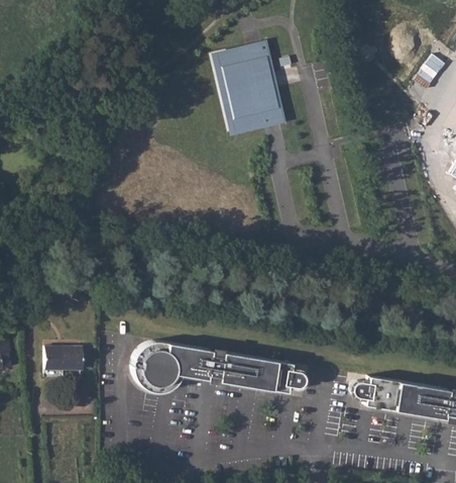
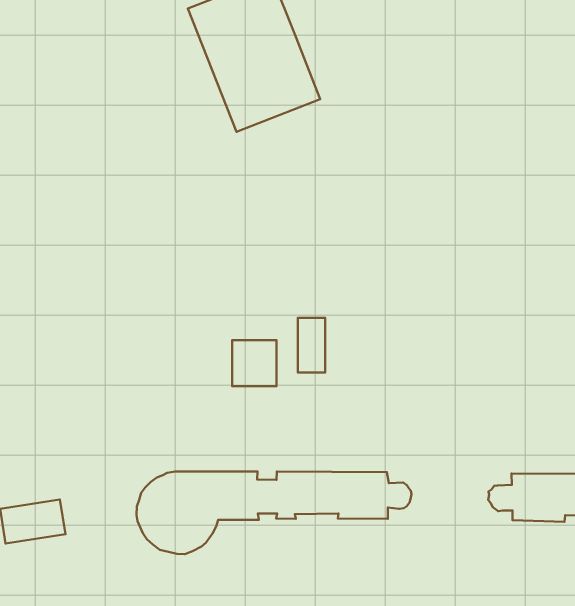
building: none -> [298,318,325,373]
building: none -> [232,340,276,386]

